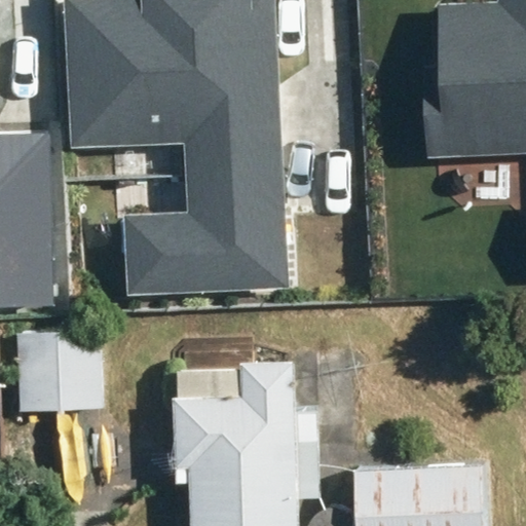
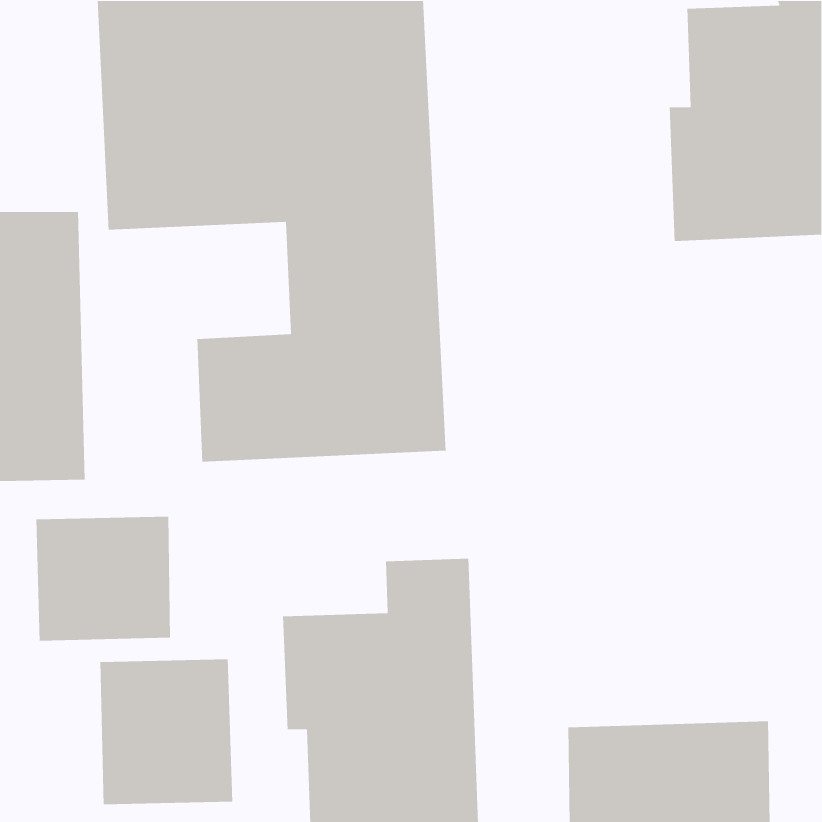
building: none -> [100,658,233,805]

